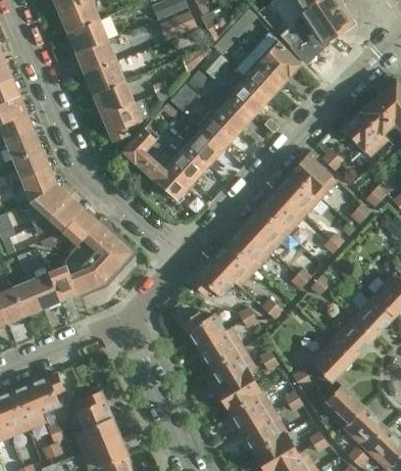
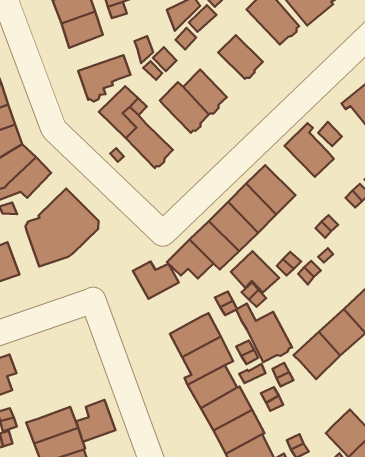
building: [236,52,283,98] -> none
building: [94,82,133,115] -> none
building: [206,86,253,132] -> none
building: [166,142,207,182] -> none
building: [275,173,320,217] -> none
building: [63,208,98,247] -> none
building: [48,262,78,301] -> none
building: none -> [231,251,279,292]
building: [183,314,224,347] -> [133,262,179,299]
building: none -> [236,304,292,362]
building: [327,386,363,422] -> none
building: [77,391,112,430] -> [76,400,115,442]

